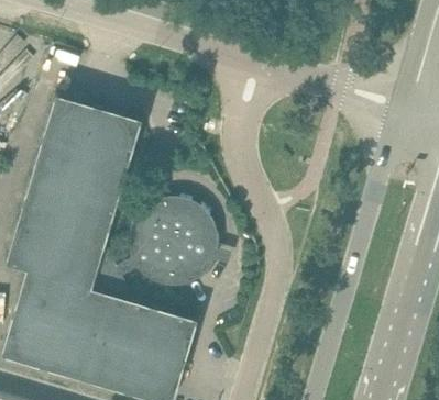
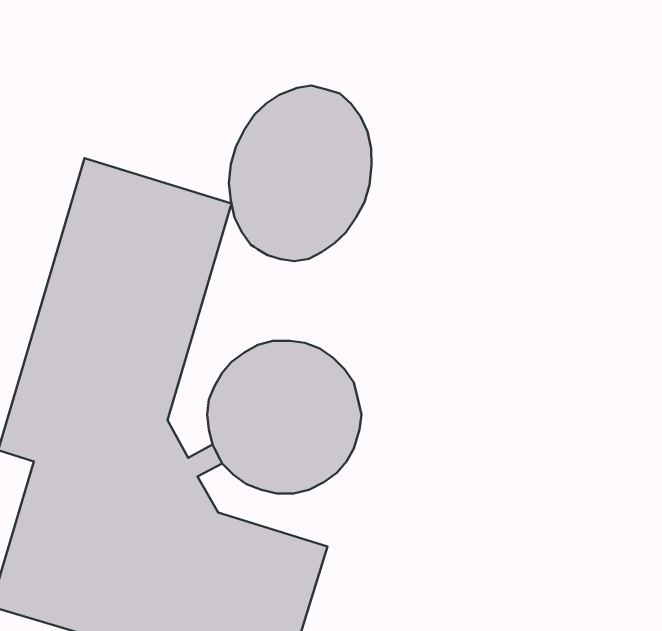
building: none -> [229,86,371,261]

